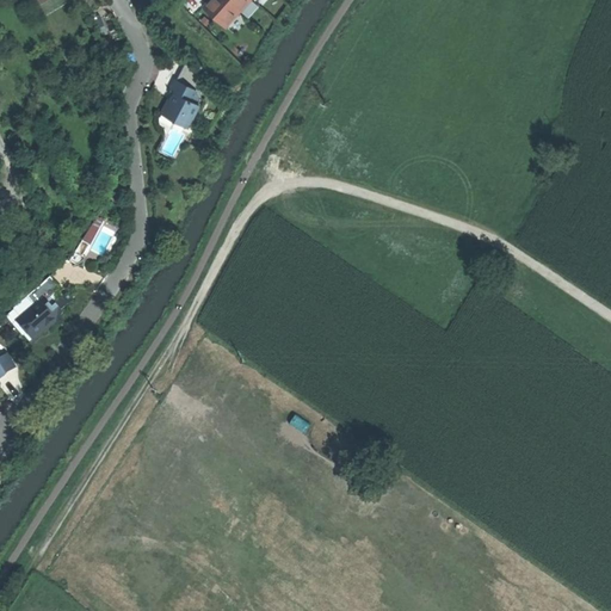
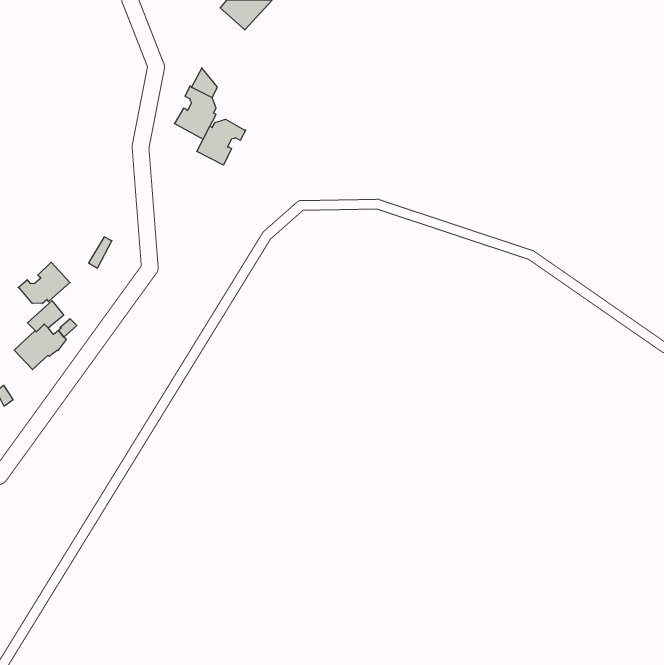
building: none -> [197,119,246,165]
building: none -> [18,262,70,304]

